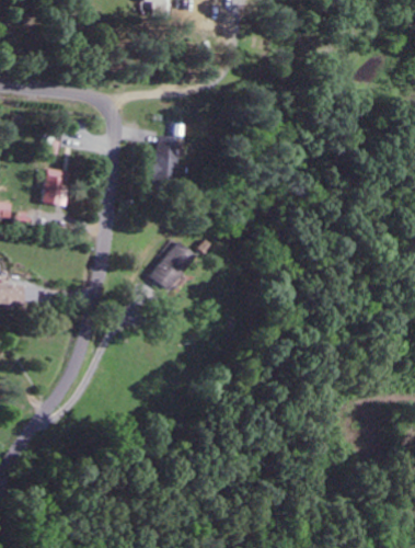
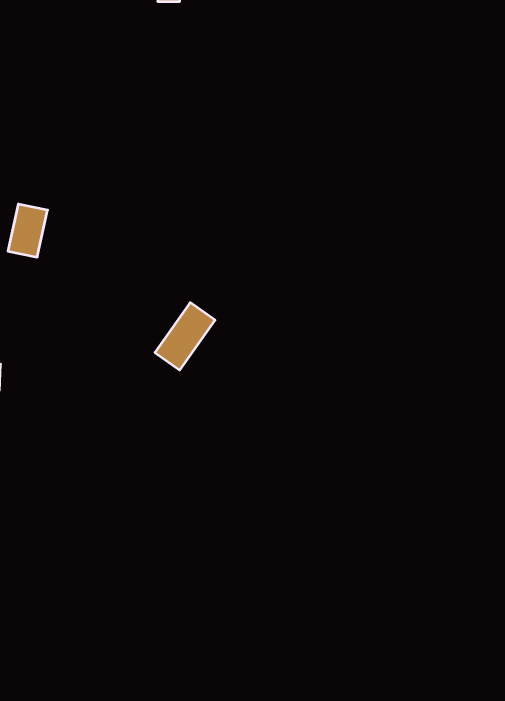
building: [151,135,181,185] -> none

